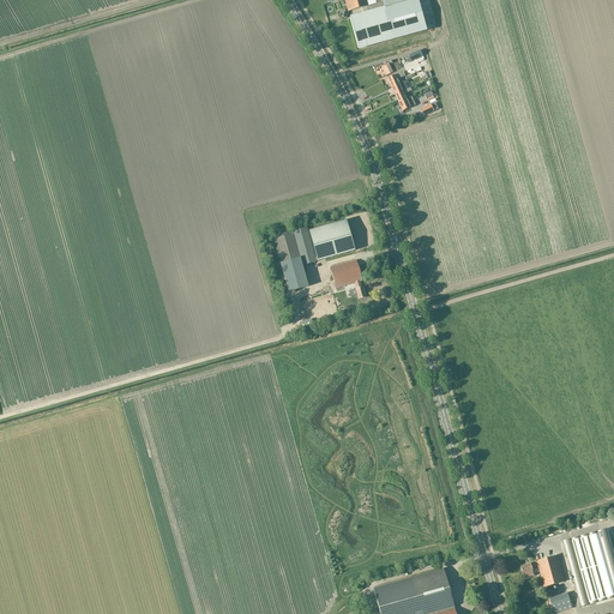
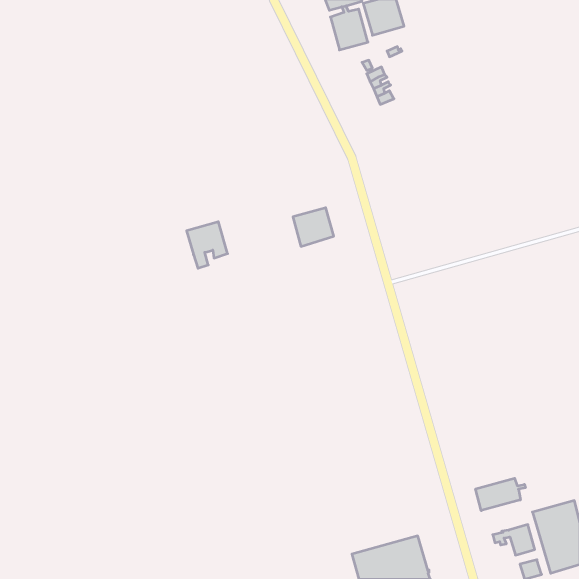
building: [273,227,317,276] -> [187,222,228,268]
building: [331,259,367,299] -> none
building: none -> [476,478,525,511]

